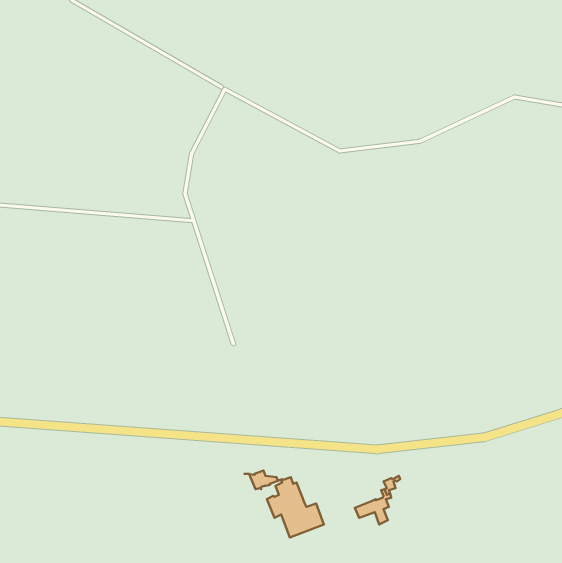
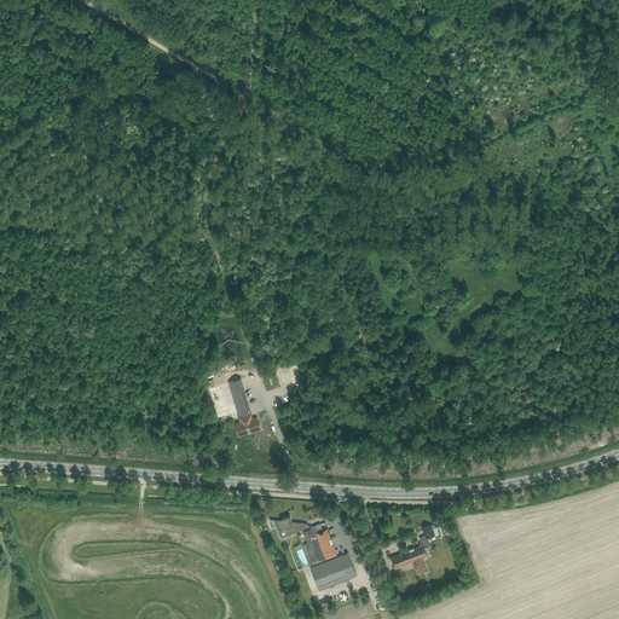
building: none -> [231,378,261,436]

